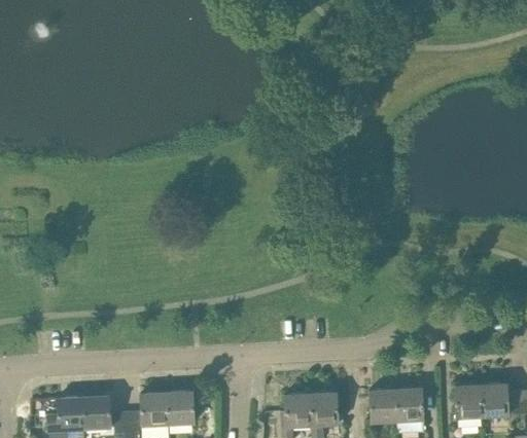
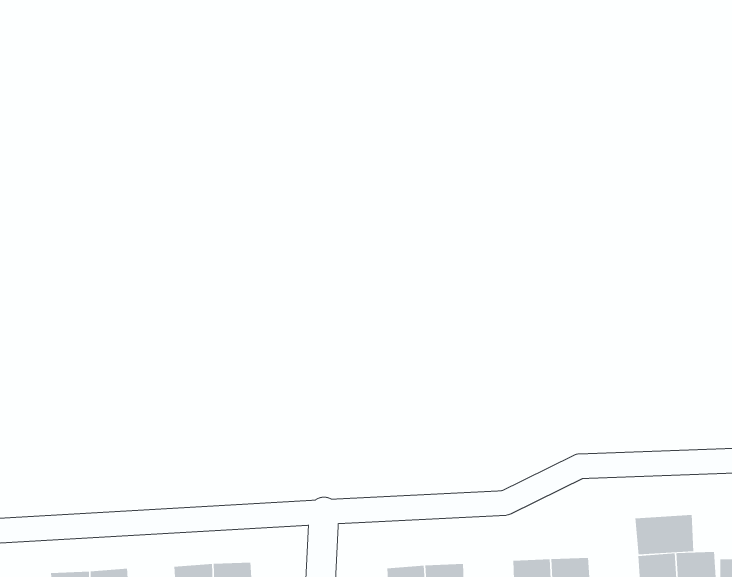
building: none -> [635,514,694,555]

